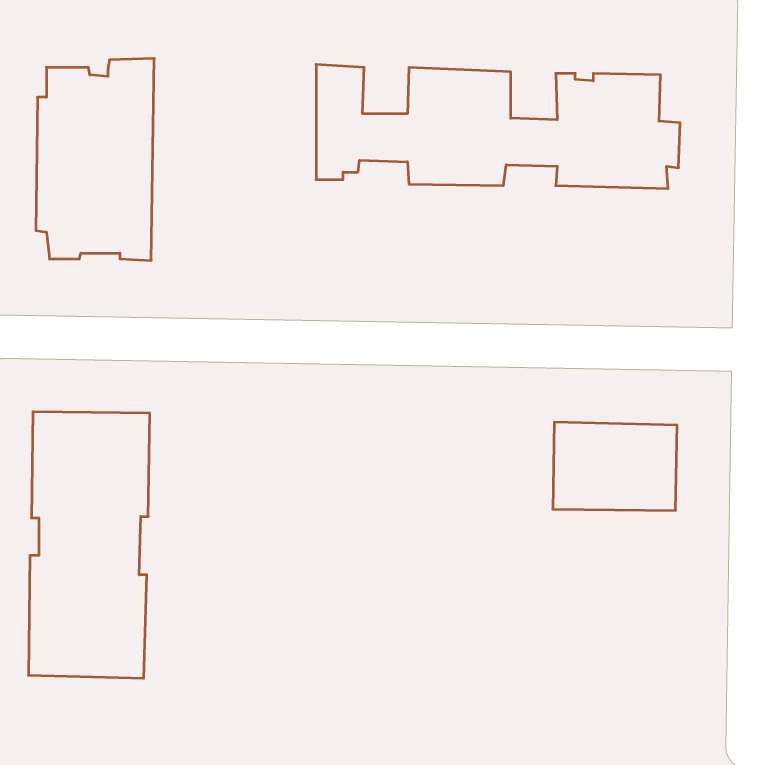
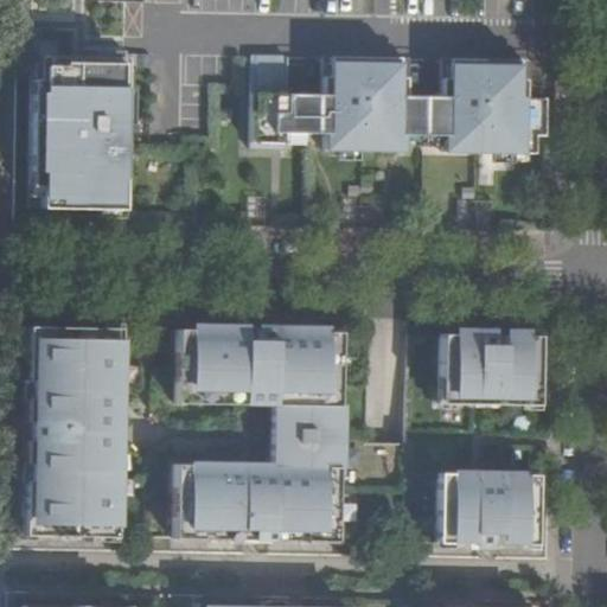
building: none -> [178,330,344,538]
building: none -> [441,472,539,542]

